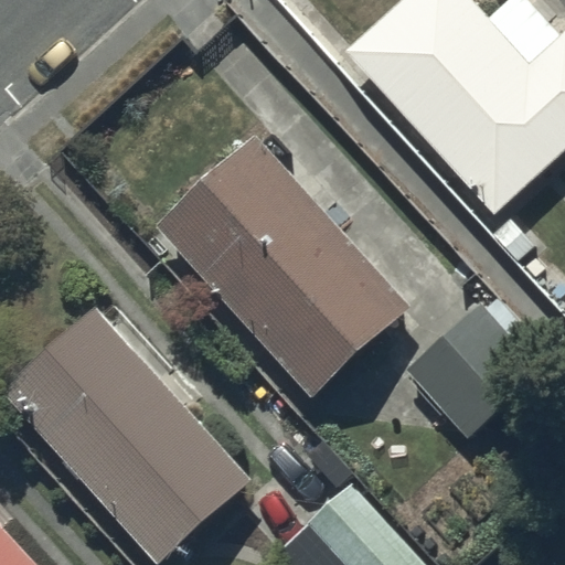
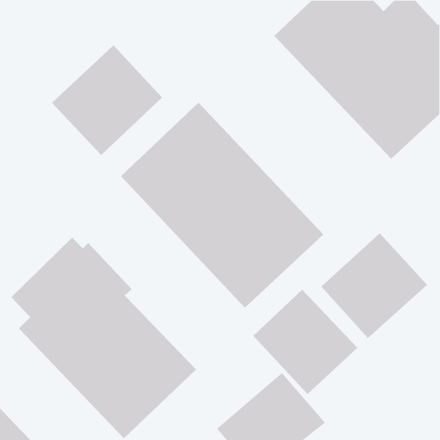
building: none -> [51,44,163,156]
building: none -> [252,289,358,395]

